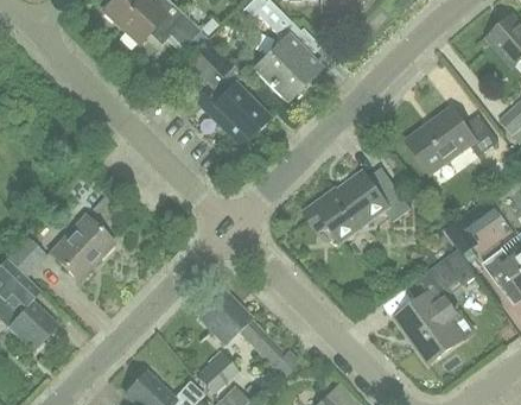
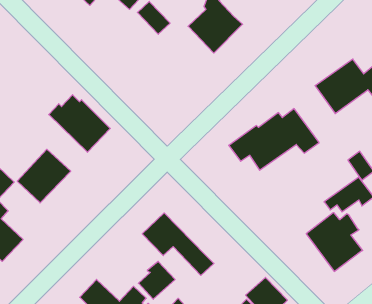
building: [195,77,268,146] -> [49,95,110,152]

